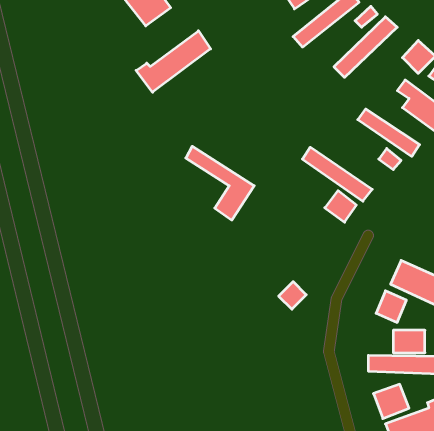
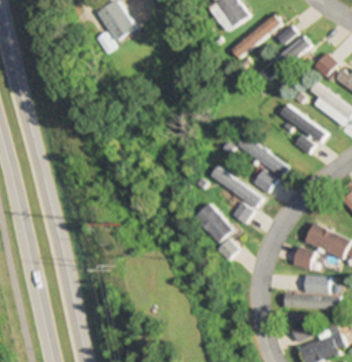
building: [136,31,211,92] -> none
building: [186,146,254,220] -> [211,167,264,223]
building: none -> [194,203,234,243]

